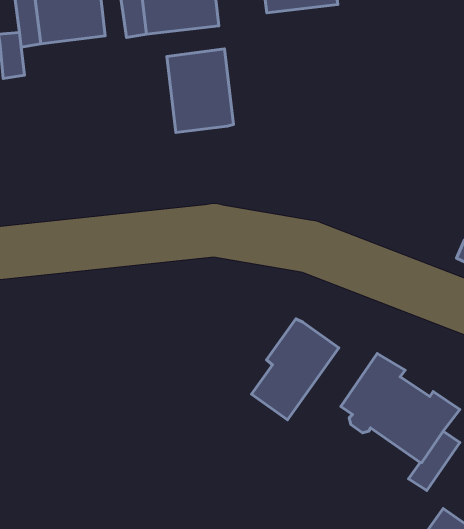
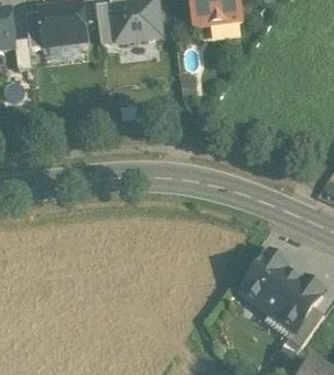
building: [167,49,233,132] -> none
building: [252,319,339,420] -> none

